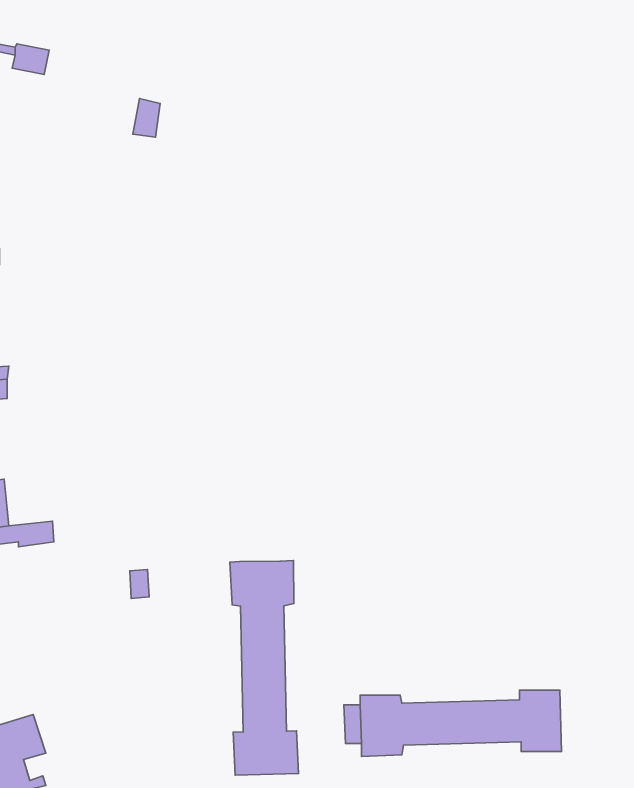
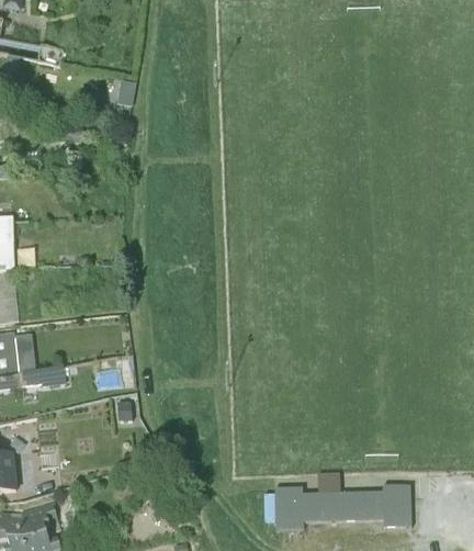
building: [230,561,299,775] -> none

